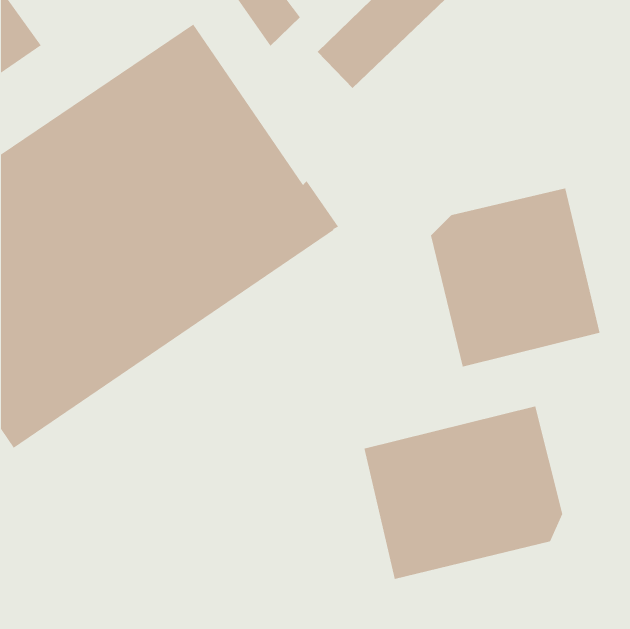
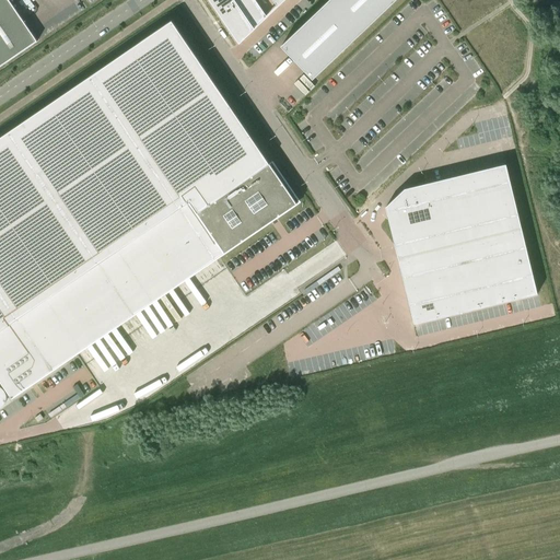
building: [363,405,563,580] -> none

